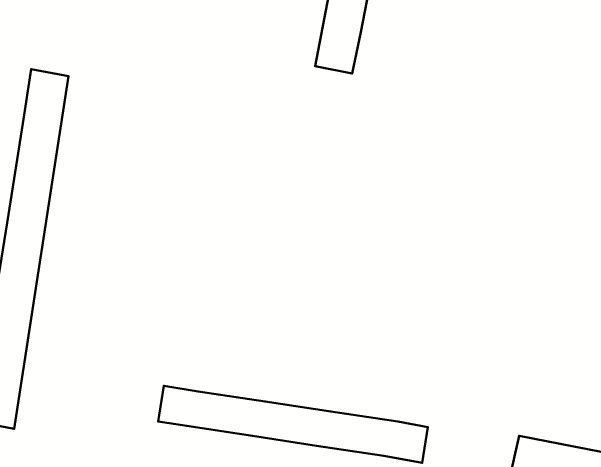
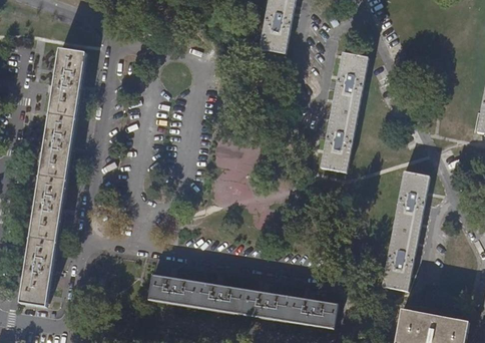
building: none -> [320,52,367,173]
building: none -> [381,170,429,290]

